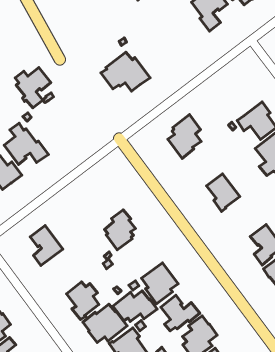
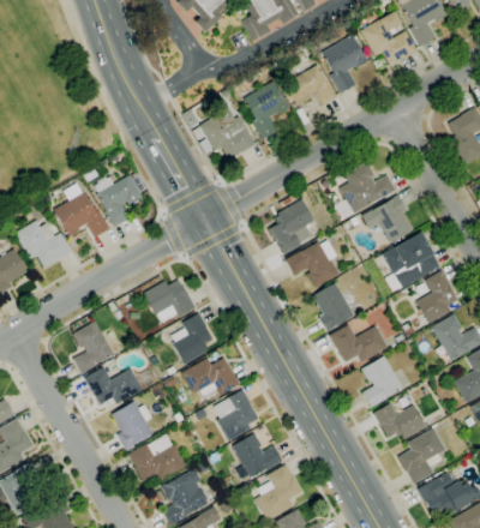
building: none -> [284,64,337,107]
building: none -> [244,80,290,139]
building: [15,68,51,108] -> [97,175,143,227]
building: none -> [336,162,396,218]
building: none -> [286,240,338,288]
building: none -> [144,280,196,322]
building: none -> [329,325,388,362]
building: none -> [85,366,143,404]
building: [113,291,157,322] -> [182,358,240,396]

